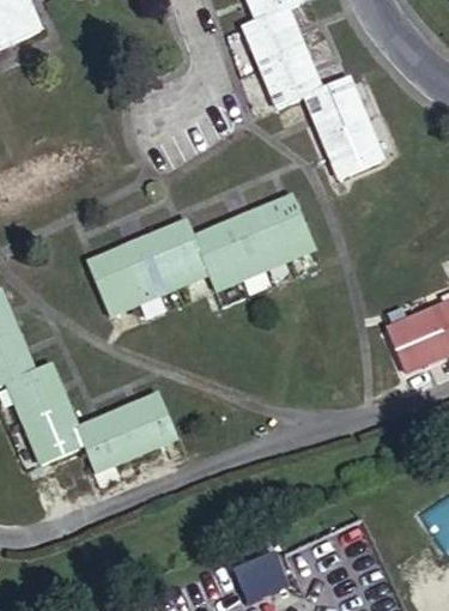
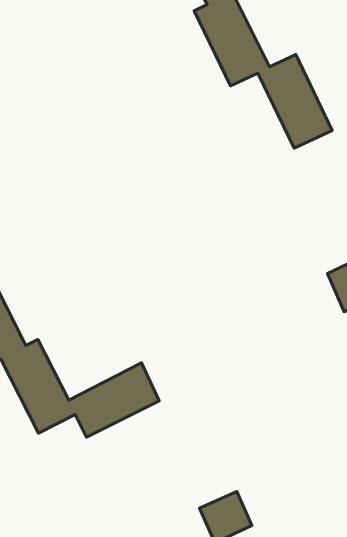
building: [91,200,314,319] -> none

